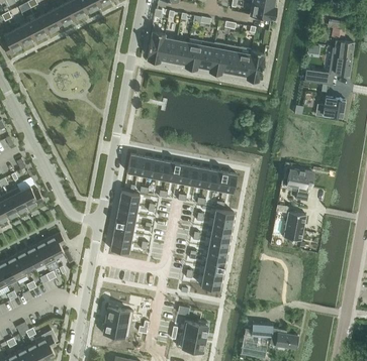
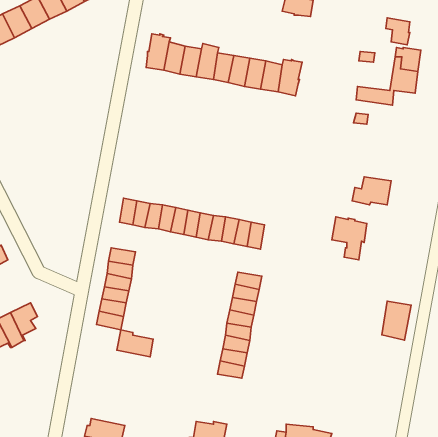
building: [315,98,345,119] -> [352,177,391,205]
building: [283,213,305,242] -> [382,301,411,340]
building: [105,306,132,326] -> [117,330,153,357]

